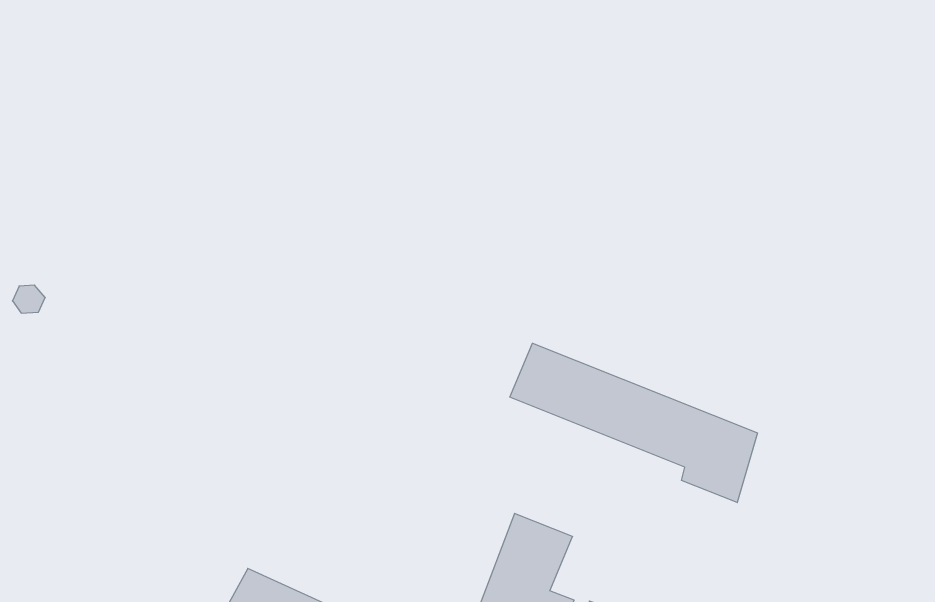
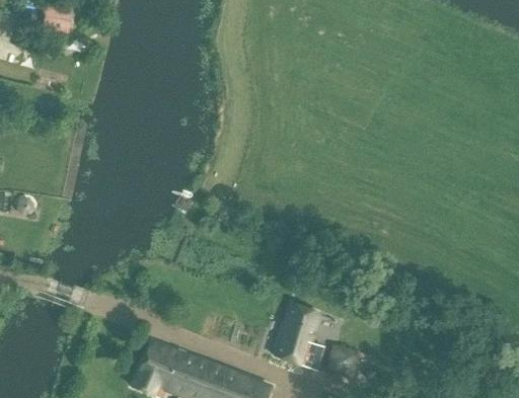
building: [510,343,758,503] -> none

